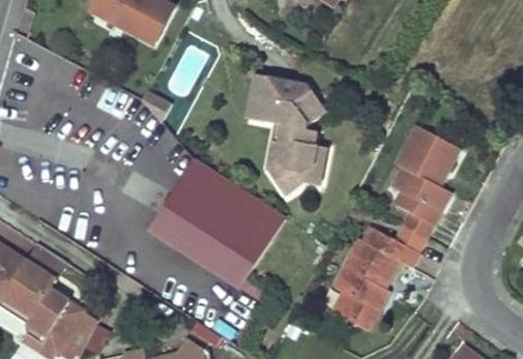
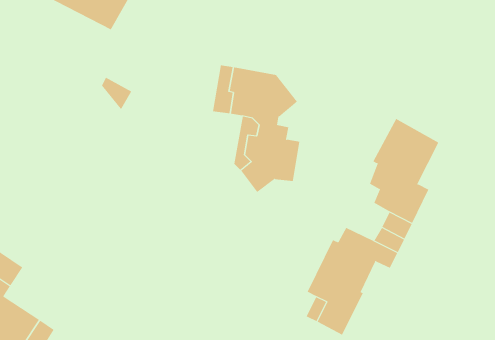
building: [153,159,286,285] -> none

